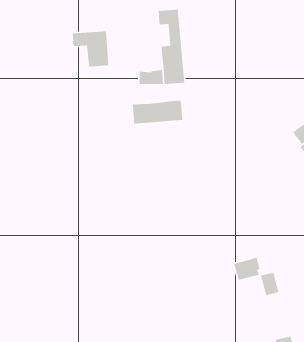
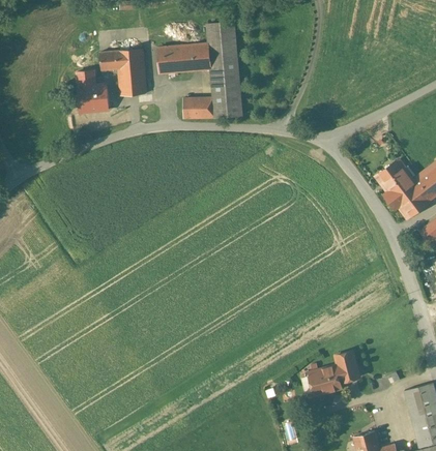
building: none -> [78,84,108,112]
building: [132,100,183,125] -> [157,41,222,72]
building: [233,257,261,281] -> [308,364,342,394]

